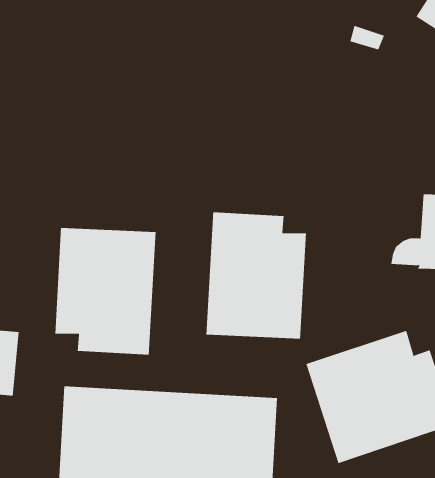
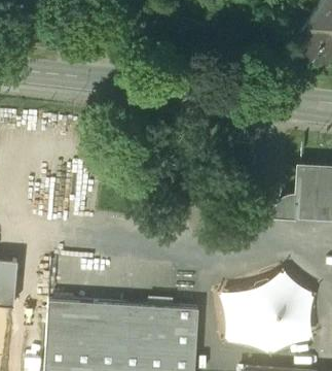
building: [206,212,306,339] -> none
building: [55,227,156,356] -> none

